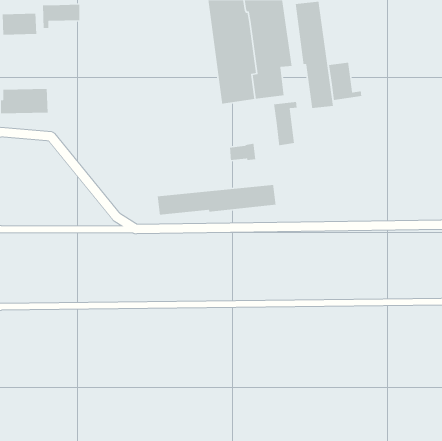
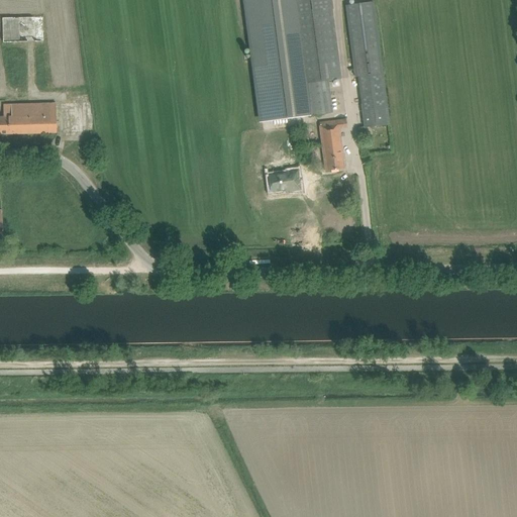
building: [42,4,80,29] -> none
building: [328,62,362,101] -> none
building: [157,184,277,215] -> none

